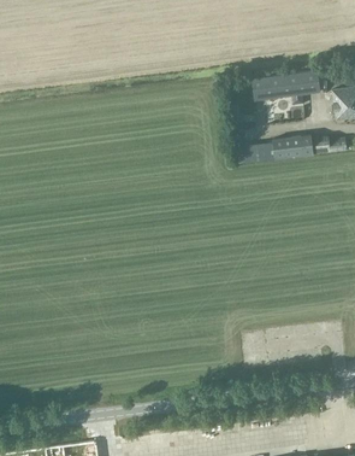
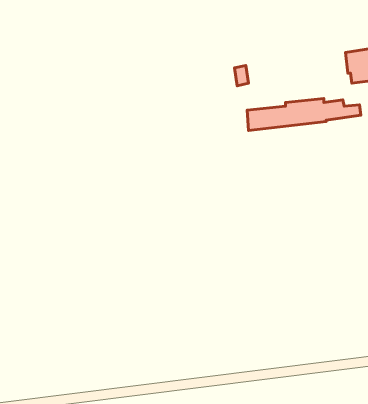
building: [253,72,321,103] -> none

